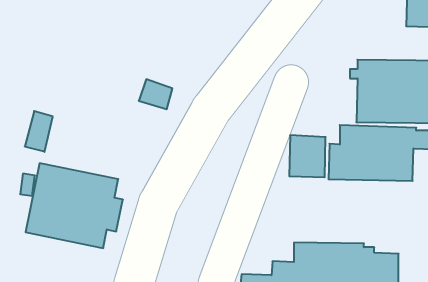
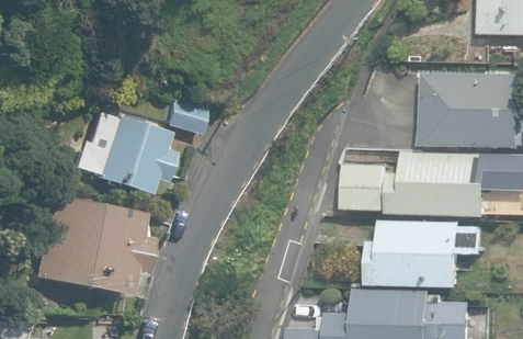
building: none -> [71,113,172,194]
building: none -> [366,219,480,287]

